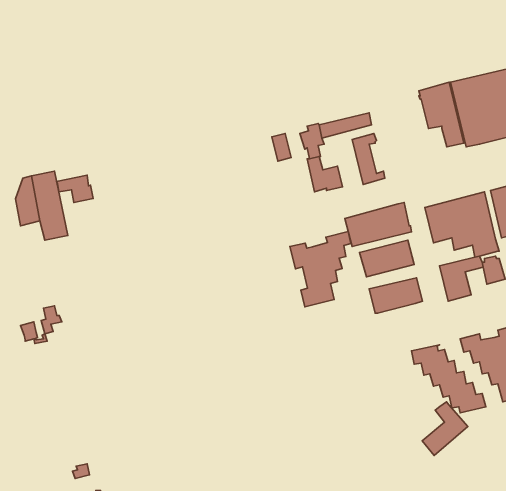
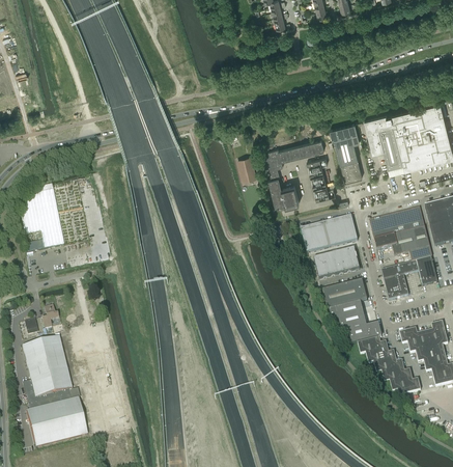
building: none -> [330,121,362,181]
building: [57,175,93,202] -> none
building: [290,232,351,307] -> none
building: none -> [329,301,381,344]
building: none -> [22,335,87,446]
building: [422,402,468,456] -> none

